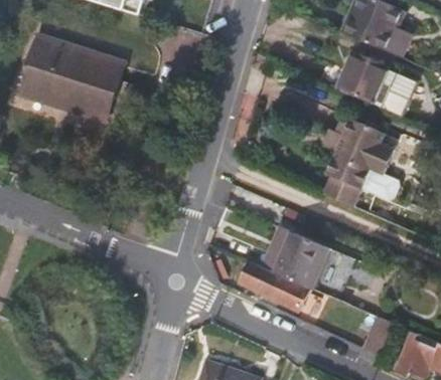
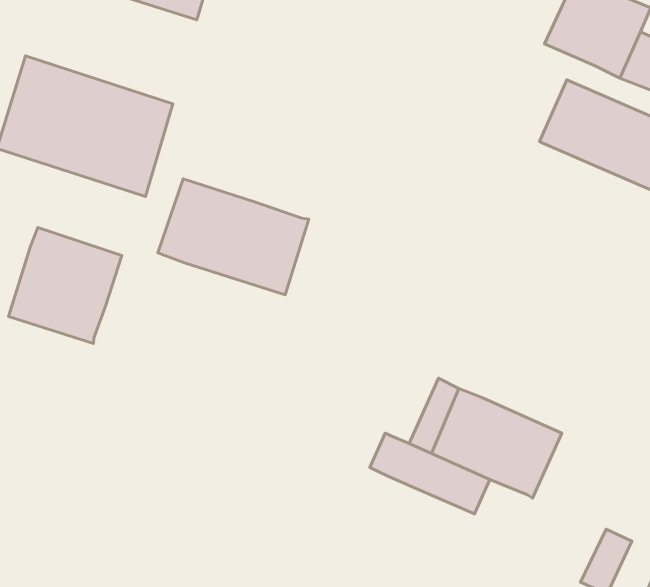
building: none -> [158,179,309,295]
building: [323,117,398,205] -> none
building: none -> [8,228,122,343]

